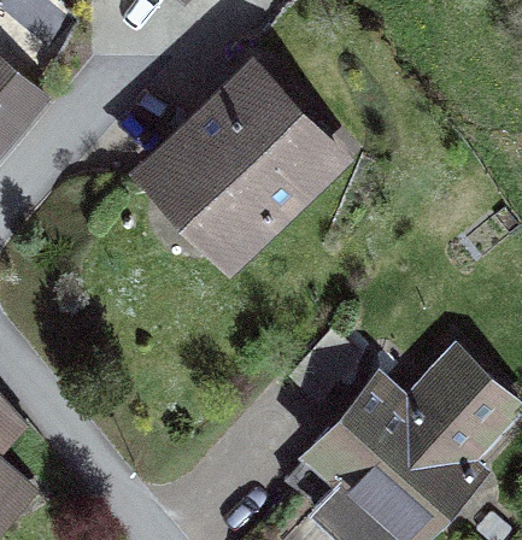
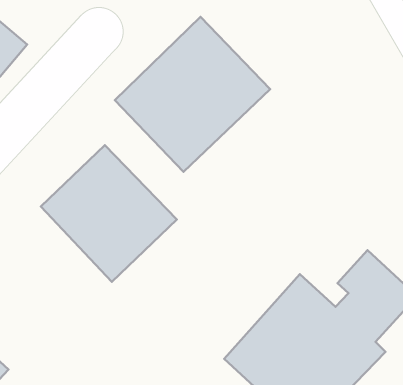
building: none -> [41,145,177,282]

